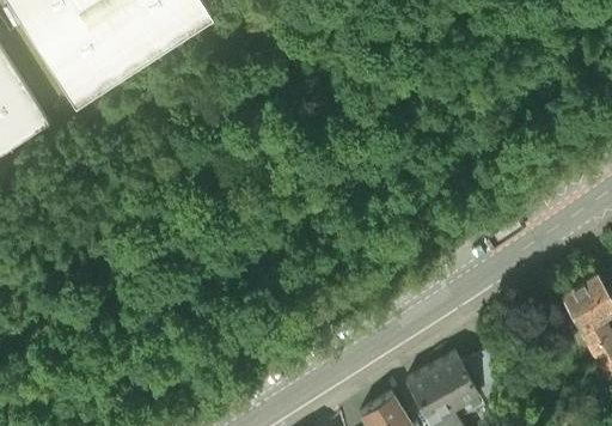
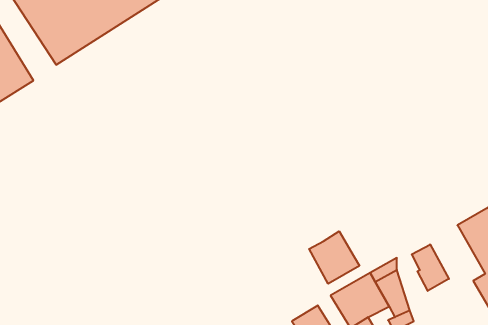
building: none -> [309,231,359,284]
building: none -> [412,244,449,291]

